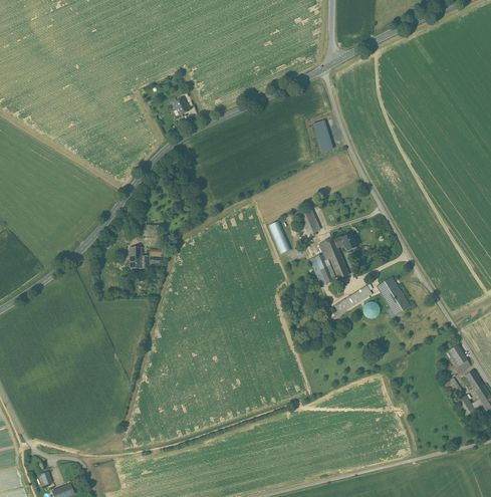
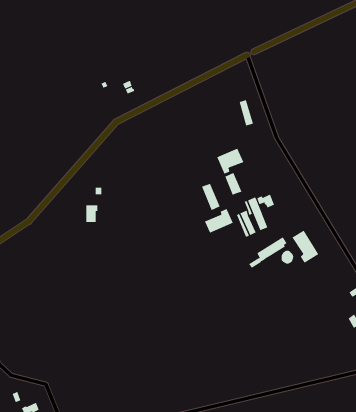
building: none -> [216,148,244,174]
building: none -> [204,208,233,233]

